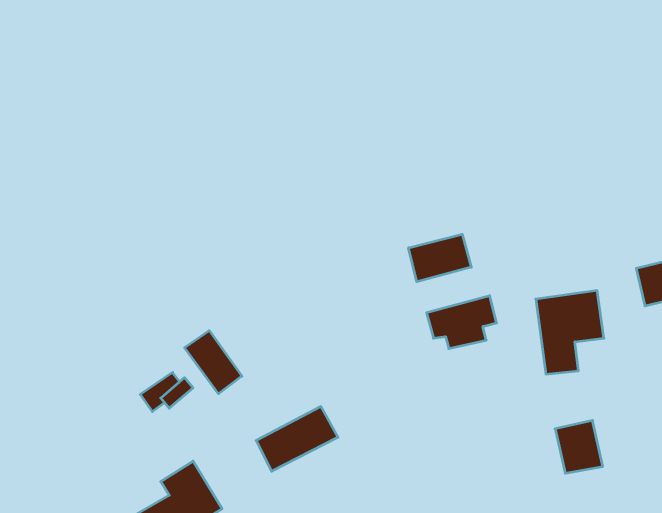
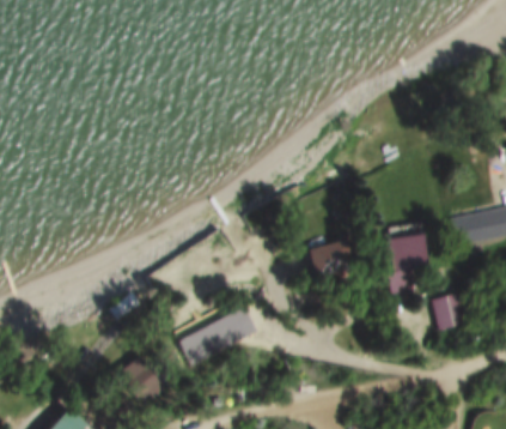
building: [409,234,471,282] -> none
building: [185,331,242,394] -> none
building: [555,420,603,473] -> [432,294,465,331]

